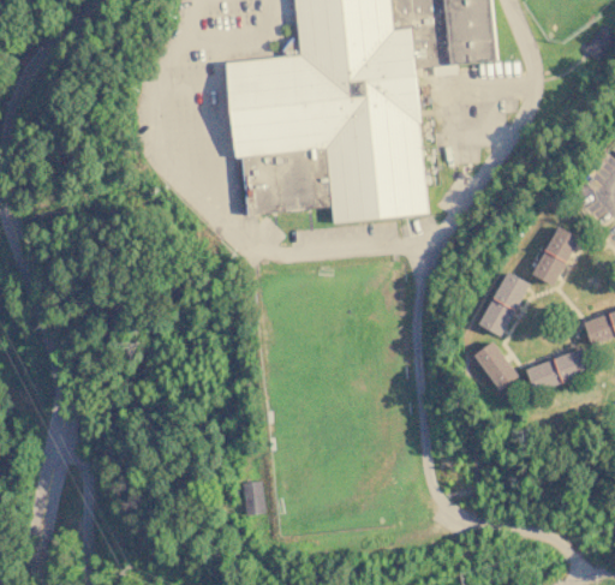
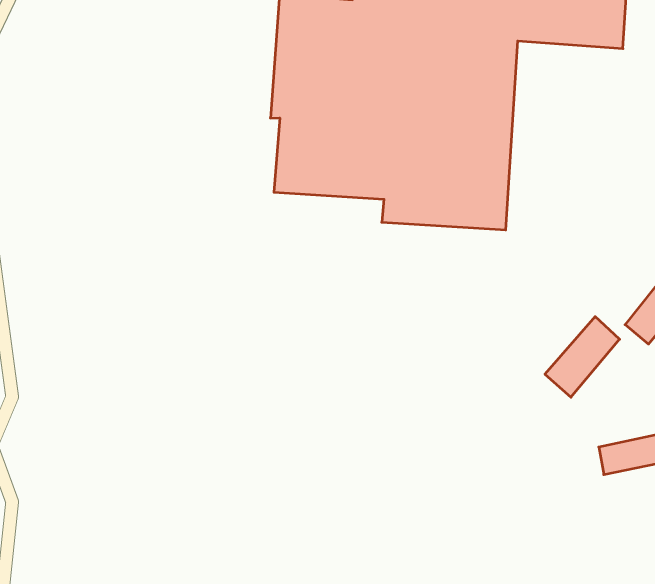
building: [474,339,519,387] -> none
building: [240,480,263,514] -> none

